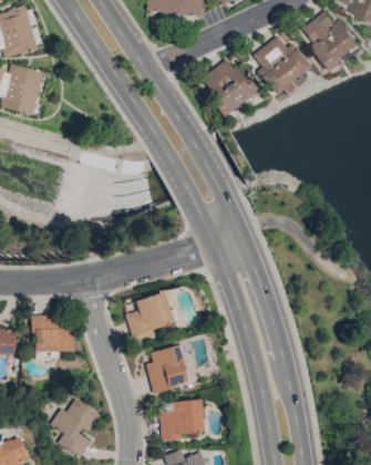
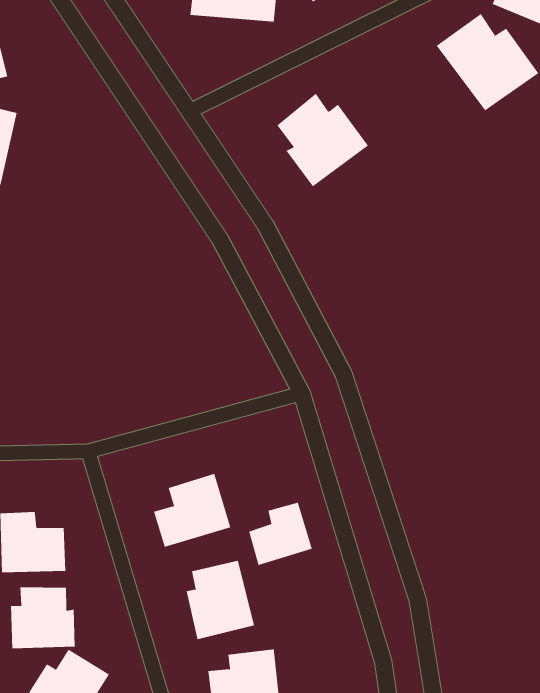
building: [251,35,310,94] -> none
building: none -> [248,502,312,566]
building: none -> [10,586,75,649]

